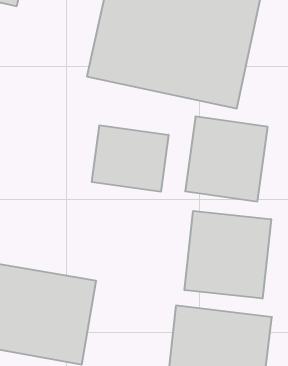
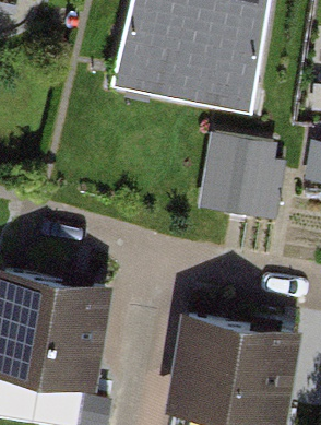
building: [92,125,168,192] -> none
building: [185,211,271,299] -> none

